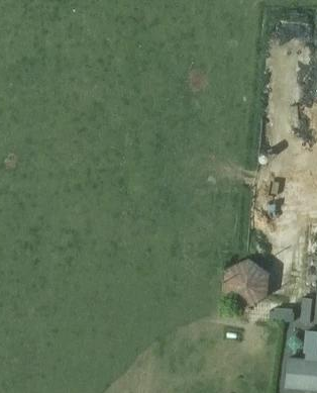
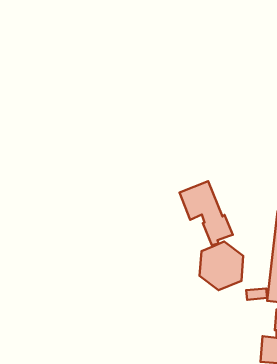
building: none -> [179,181,233,245]

